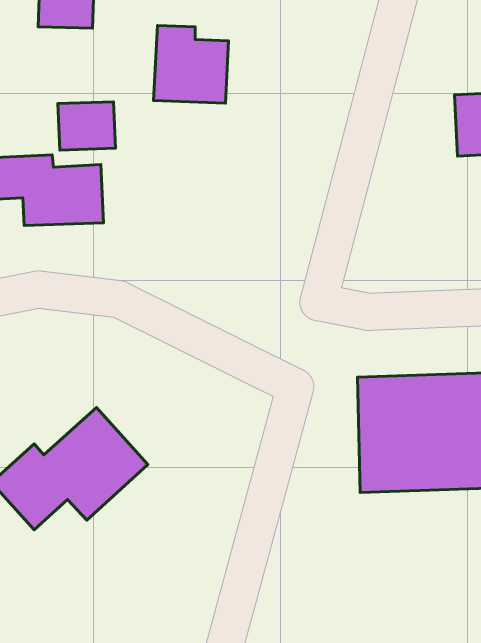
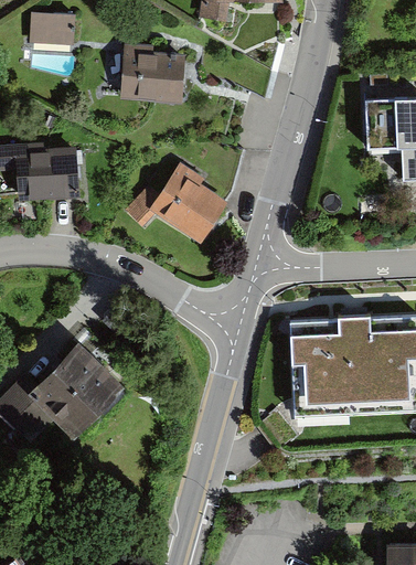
building: [58,102,116,150] -> none
building: none -> [128,167,234,245]

